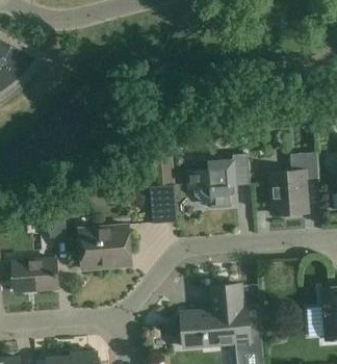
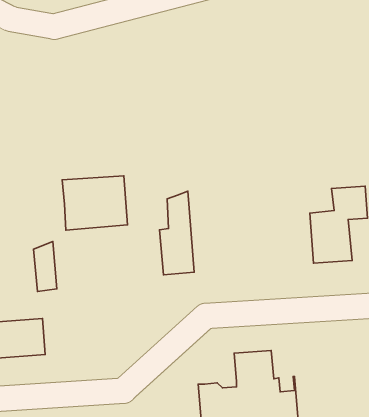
building: [188,154,249,206] -> none
building: [77,226,130,269] -> [62,176,128,230]

